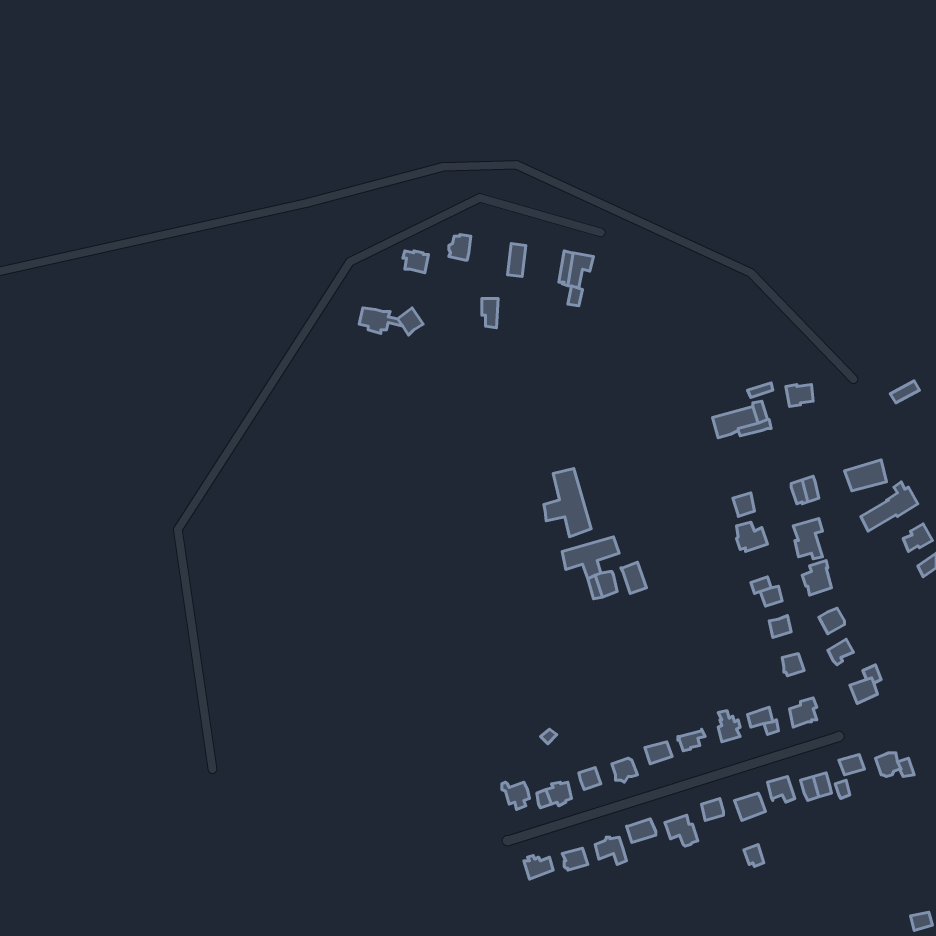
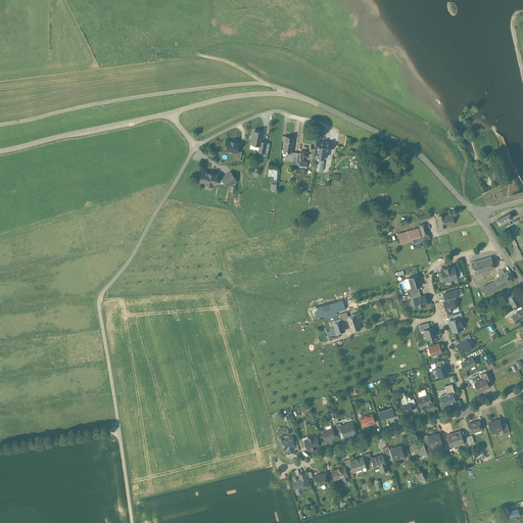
building: [544,468,591,537] -> none

